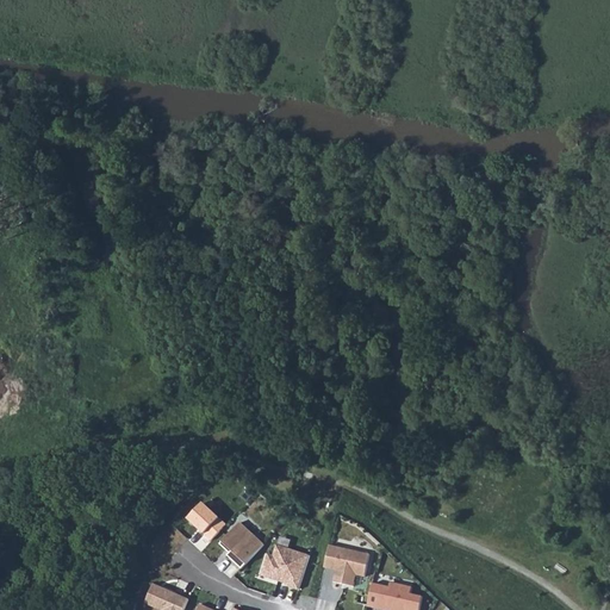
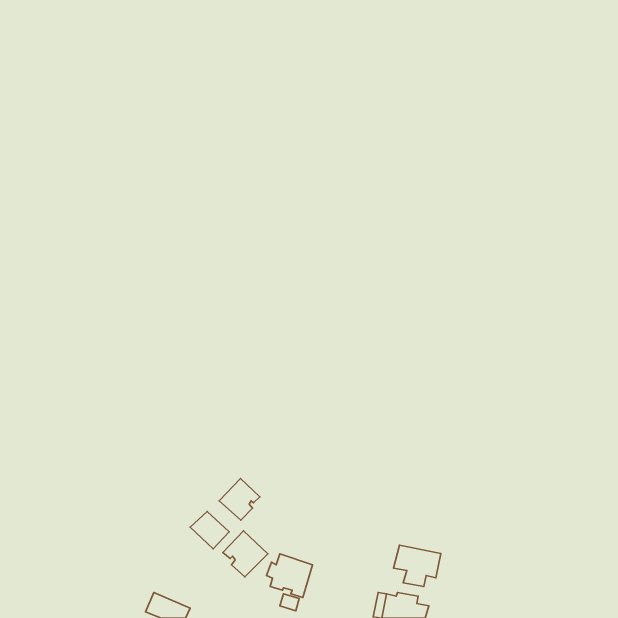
building: none -> [219,478,260,520]
building: [323,544,369,585] -> [393,545,441,586]

